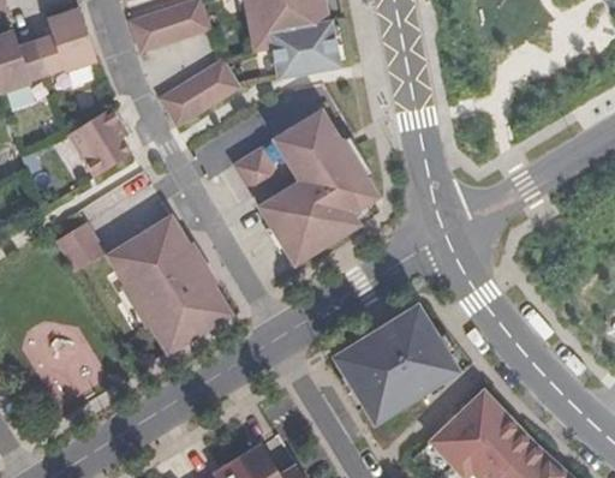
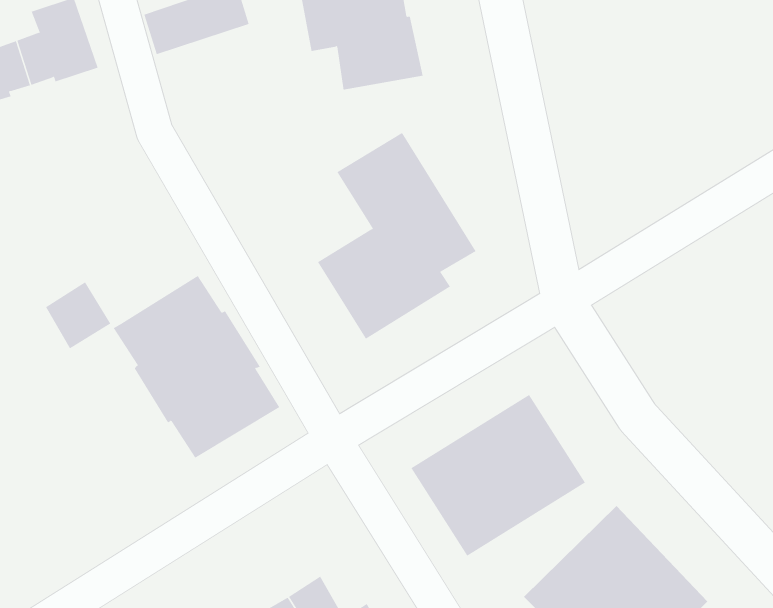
building: [160,60,240,126] -> none
building: [67,107,133,177] -> none
building: [234,148,282,196] -> none

